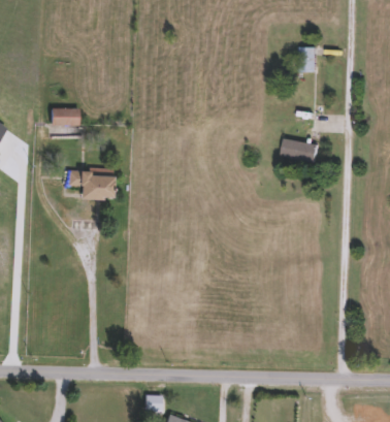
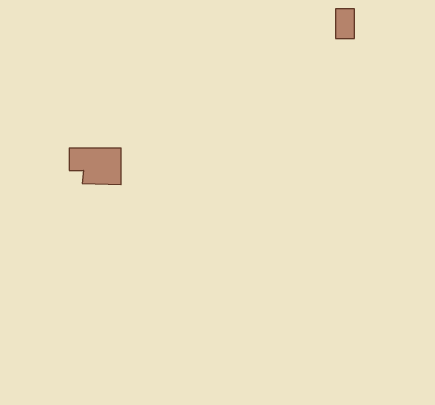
building: [51,108,79,126] -> none
building: [282,139,319,163] -> none

